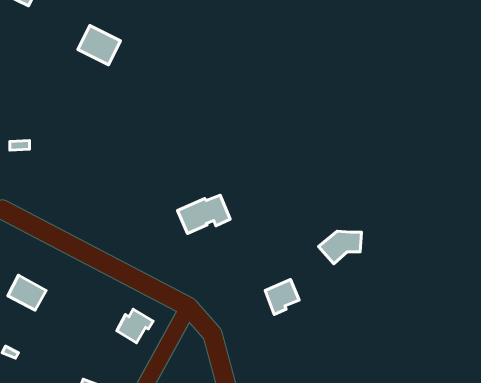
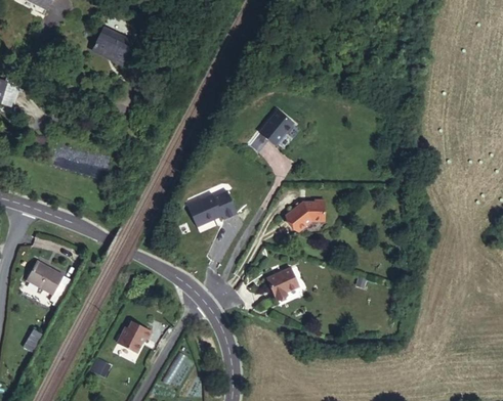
building: none -> [259,109,293,144]
building: [319,231,361,264] -> [285,201,325,231]
building: [117,309,153,343] -> [115,326,149,358]

